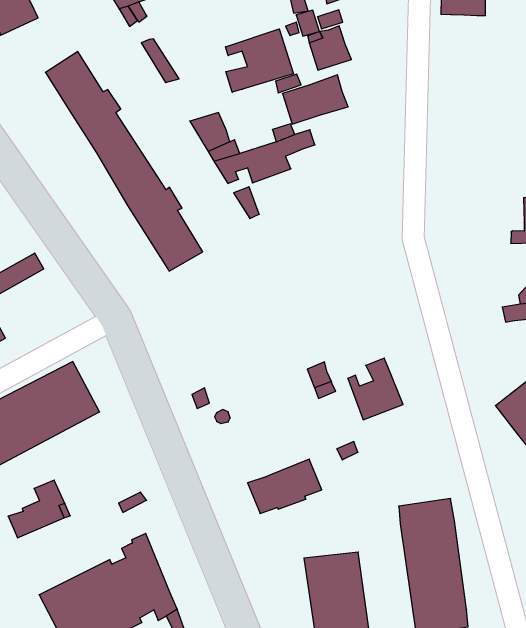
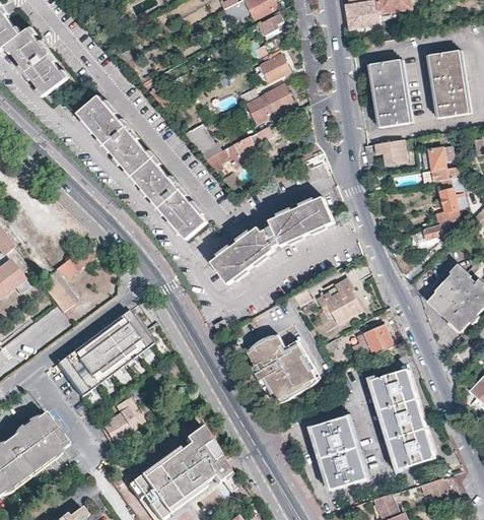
building: [226,29,294,92] -> none
building: none -> [371,62,411,131]
building: none -> [362,139,404,165]
building: none -> [210,198,334,283]
building: none -> [247,334,303,380]
building: none -> [350,323,393,354]

